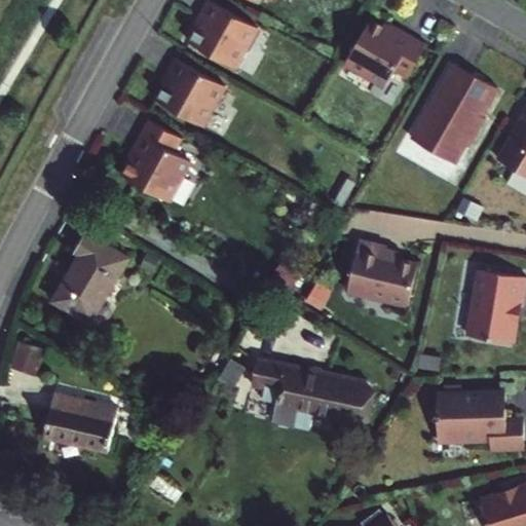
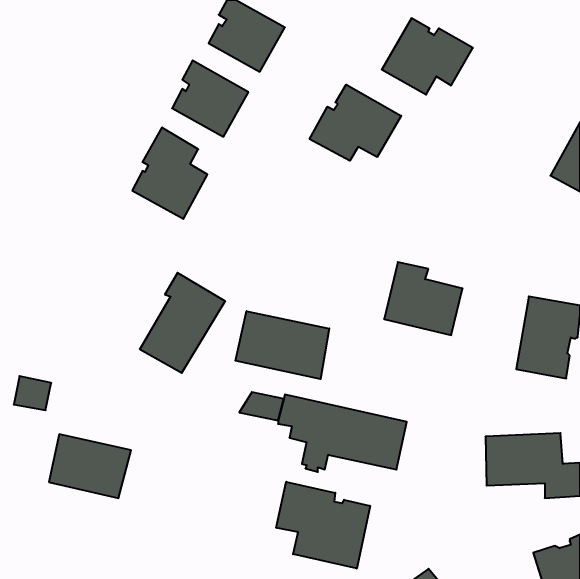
building: [411,65,496,164] -> none
building: none -> [310,85,401,161]
building: [51,232,128,323] -> [140,273,225,373]
building: none -> [235,311,329,379]
building: none -> [276,482,370,569]

